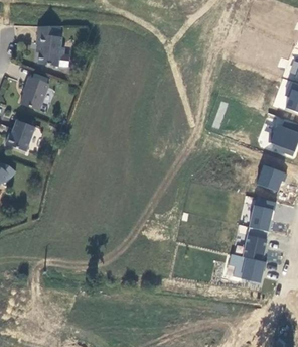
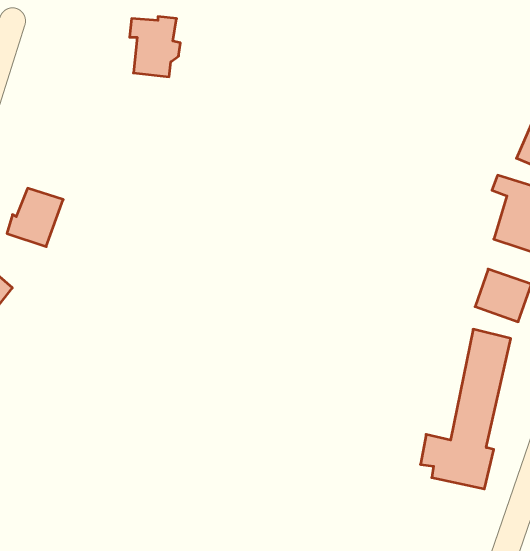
building: [36,33,63,66] -> [130,17,180,77]
building: [20,76,48,110] -> none

